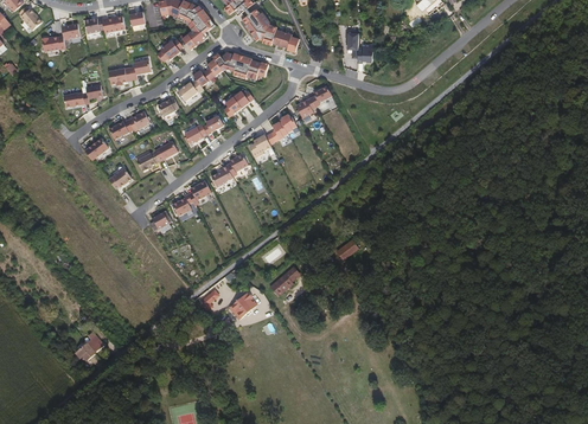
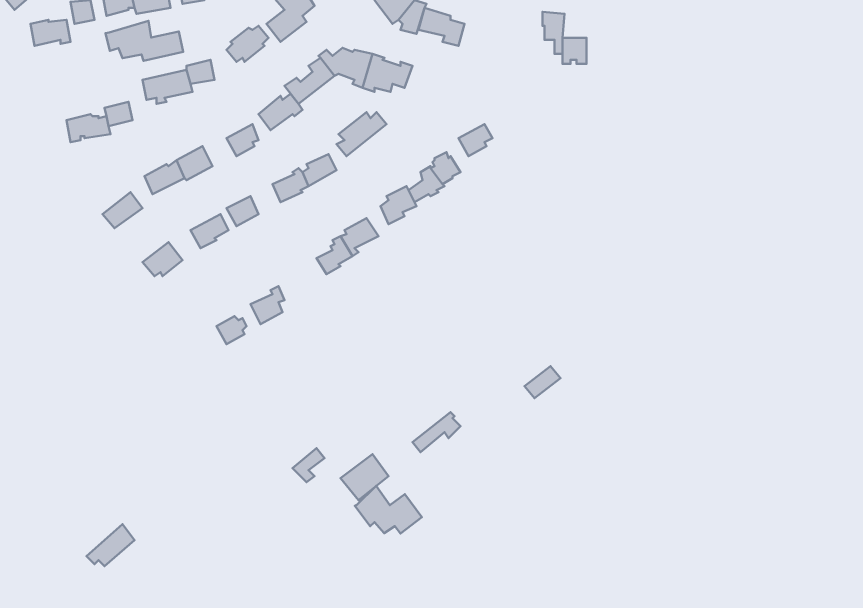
building: none -> [106,21,183,61]
building: none -> [355,486,422,533]

